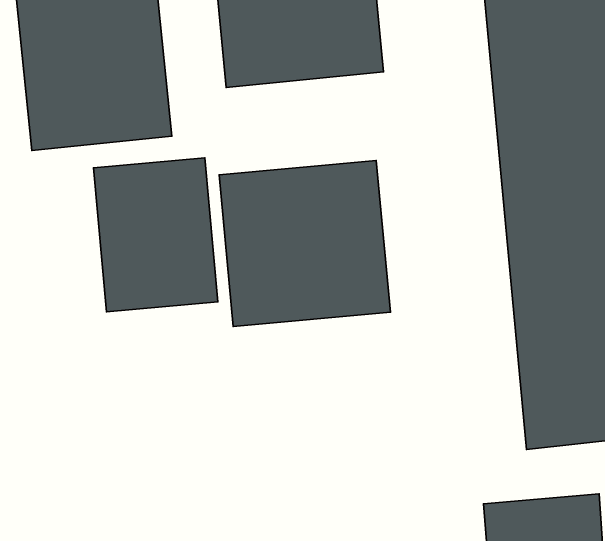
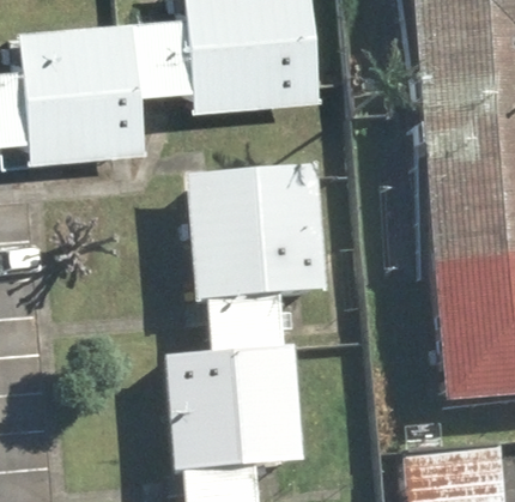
building: [93,158,218,312] -> none
building: none -> [163,350,304,476]

